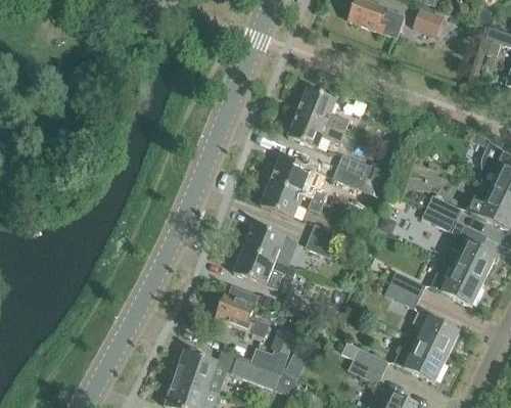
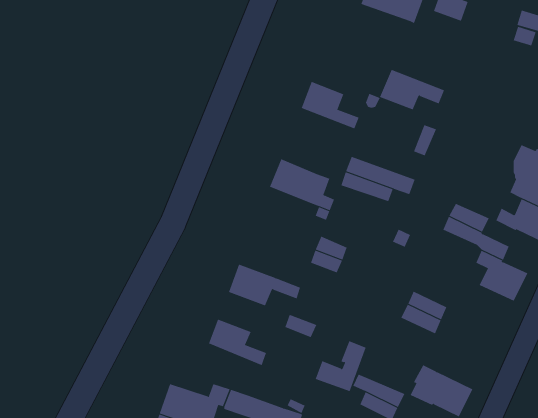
building: [287,110,344,146] -> [379,69,445,110]
building: [261,179,303,217] -> none
building: [243,222,298,263] -> none
building: [429,260,483,304] -> none
building: [412,310,459,356] -> none
building: [251,327,296,372] -> [315,340,366,392]

